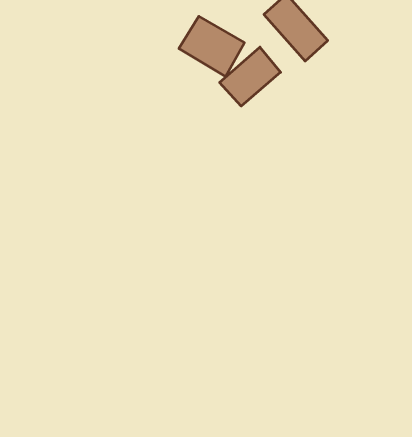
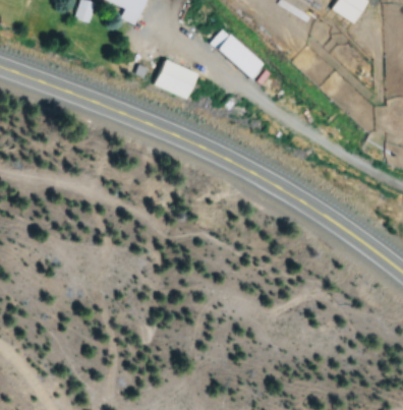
building: [220,47,281,106] -> none

